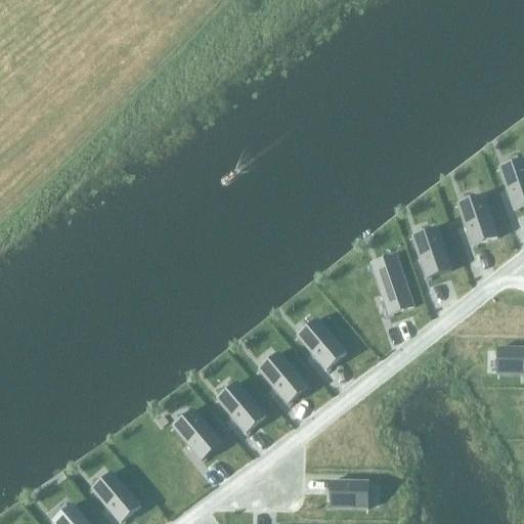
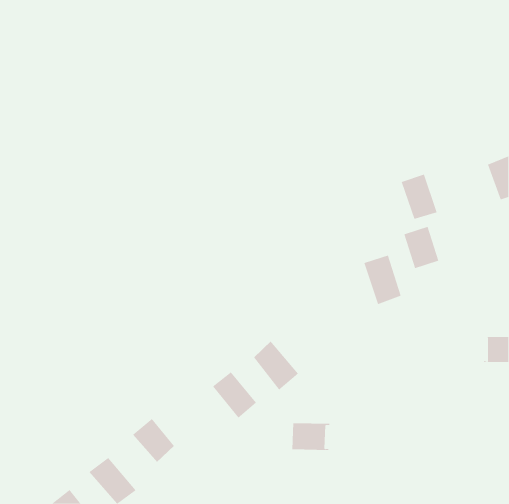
building: [458,195,496,243] -> [401,174,438,220]
building: [298,318,345,366] -> none
building: [176,412,220,458] -> [132,418,175,463]
building: [329,479,368,508] -> [291,423,330,451]

